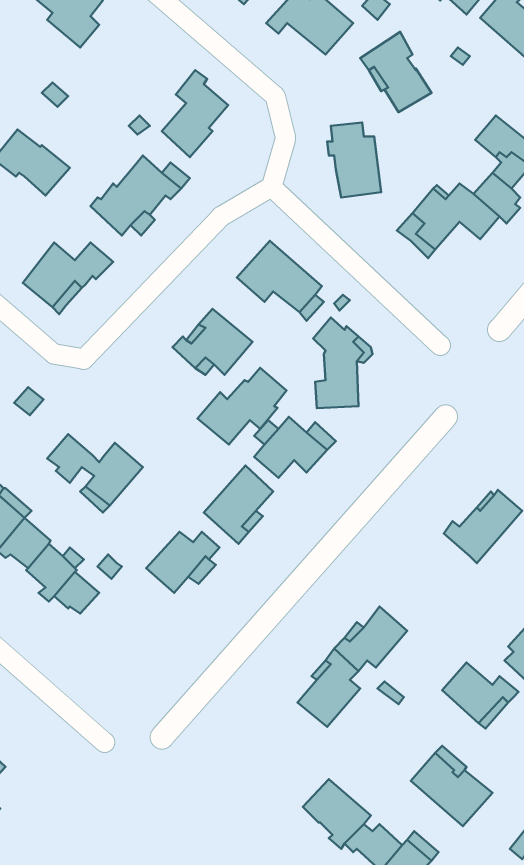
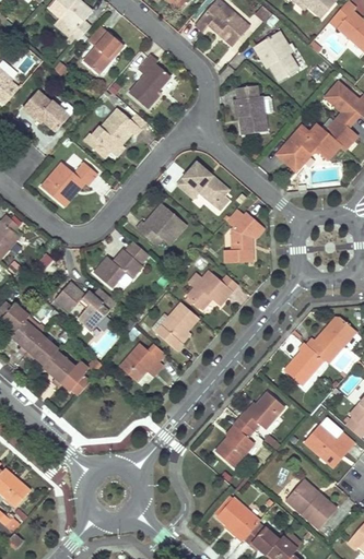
building: none -> [83,25,124,73]
building: [198,368,286,444] -> [93,240,149,288]
building: none -> [284,342,322,384]

